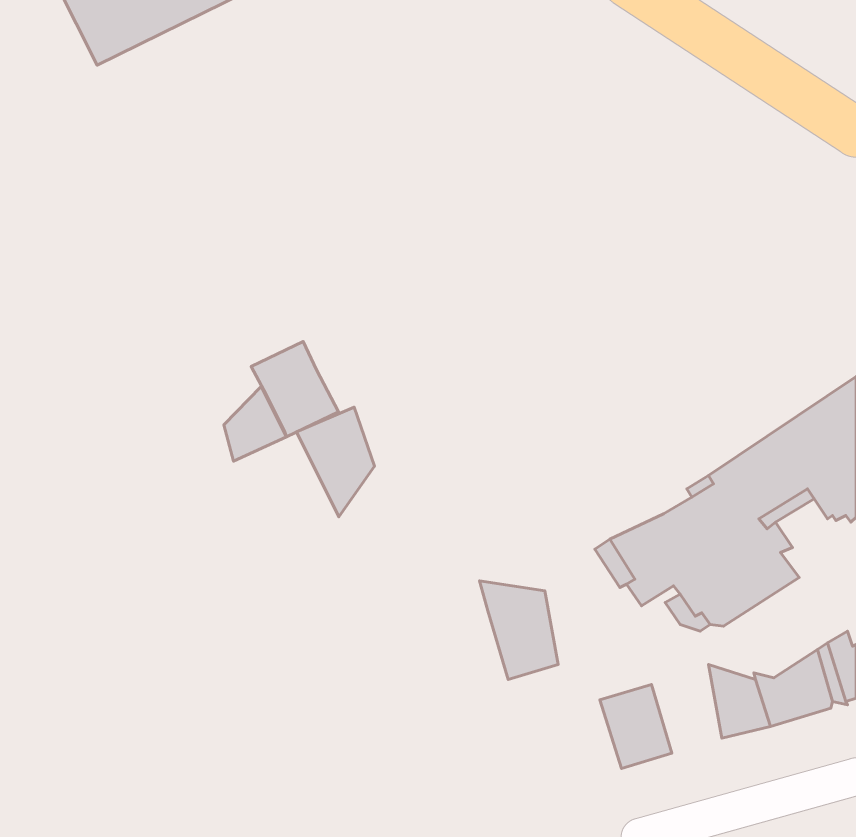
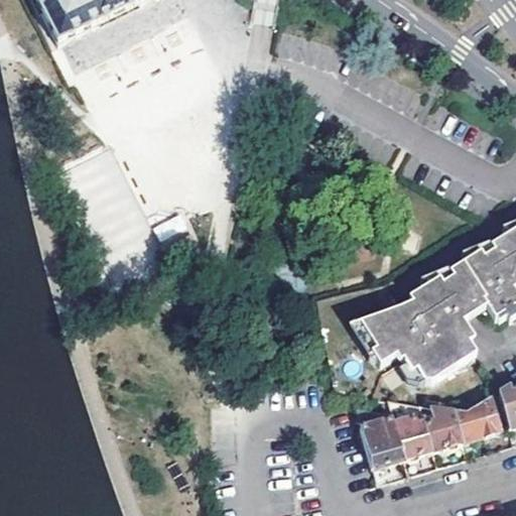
building: [224,386,286,461] -> none
building: [297,407,375,517] -> none
building: [480,581,558,680] -> [387,394,434,454]

